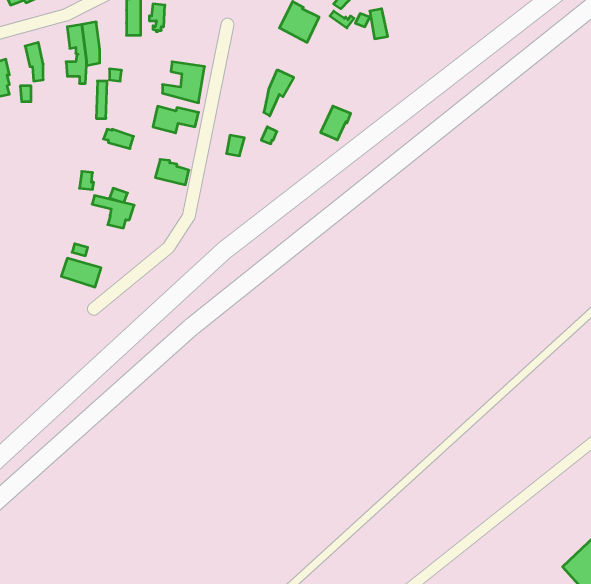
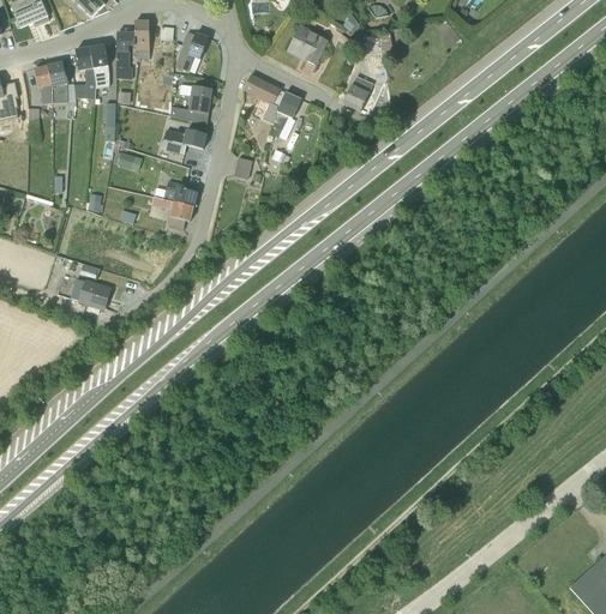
building: none -> [174,31,208,73]
building: none -> [116,32,134,78]
building: none -> [47,62,76,107]
building: none -> [242,74,284,124]
building: [321,106,351,140] -> [343,77,373,110]
building: [92,196,134,228] -> [151,197,193,229]

